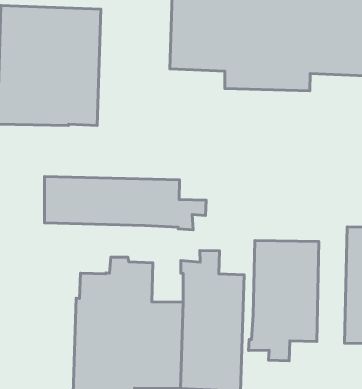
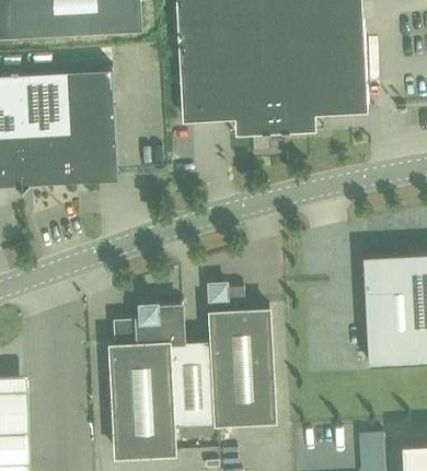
building: [45,176,206,230] -> none
building: [248,241,319,361] -> none

